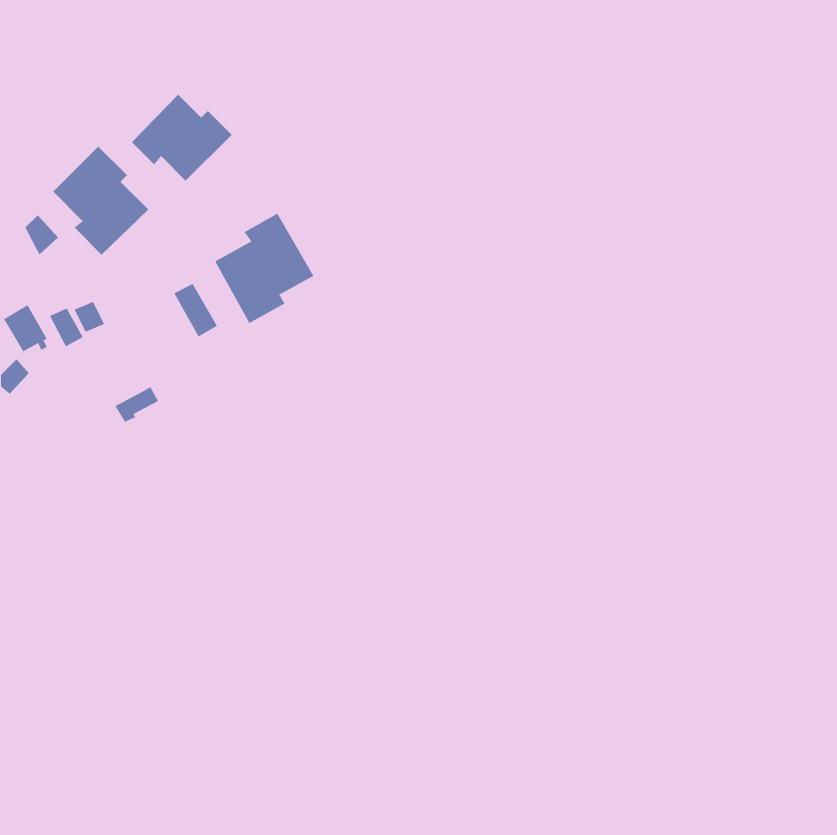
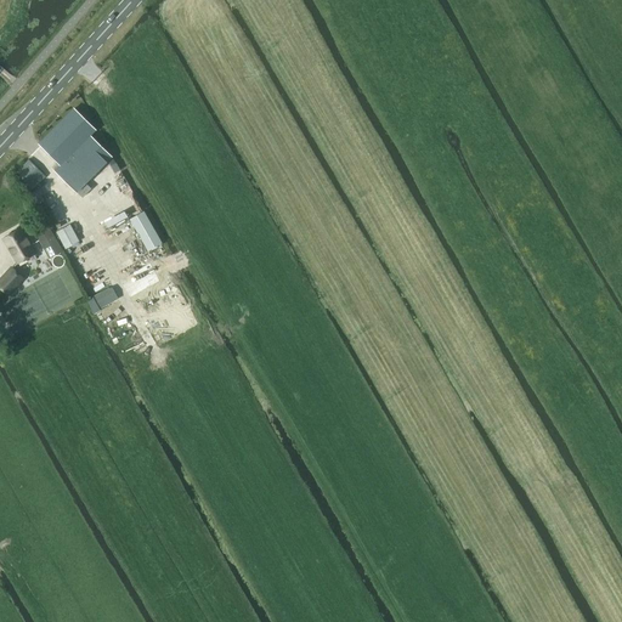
building: [131,94,232,181] -> none
building: [214,213,314,324] -> none

